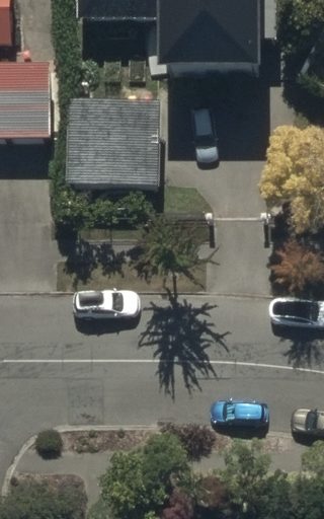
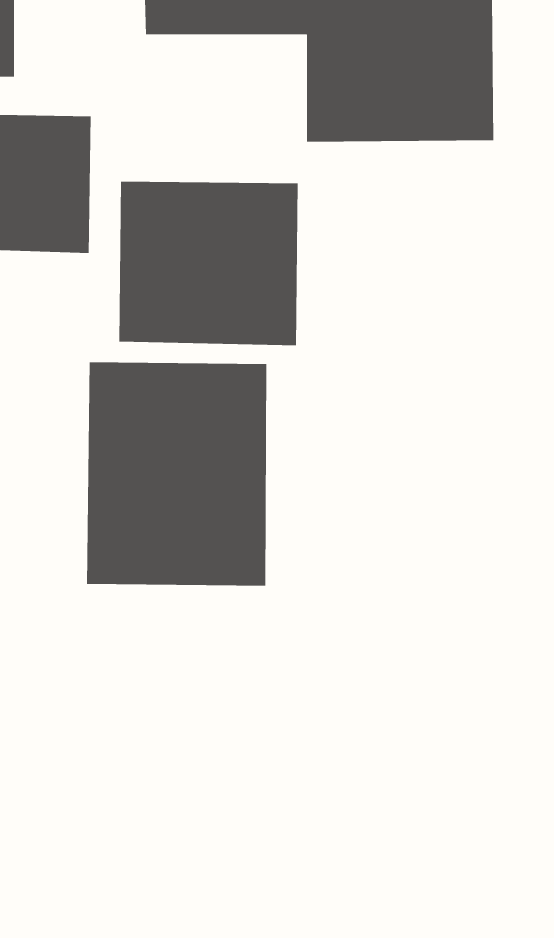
building: none -> [86,361,267,587]

